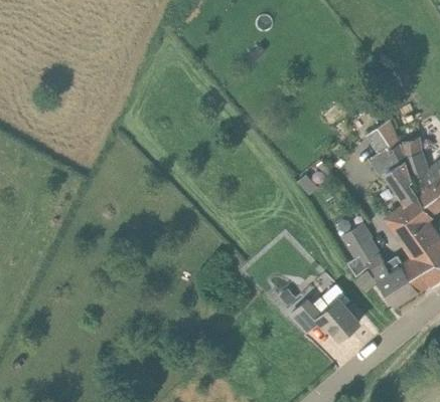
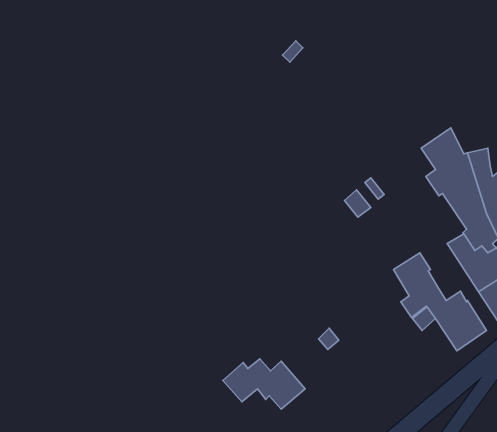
building: [291,297,360,340] -> [223,359,305,409]

